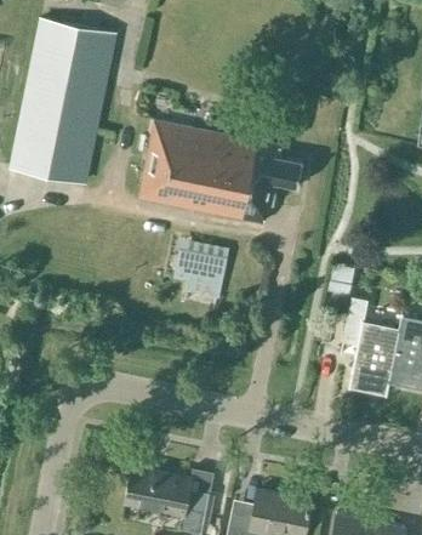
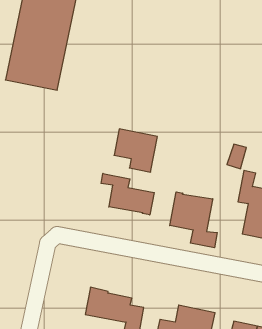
building: [139,121,303,223] -> none
building: none -> [101,173,154,215]
building: none -> [170,192,217,248]

